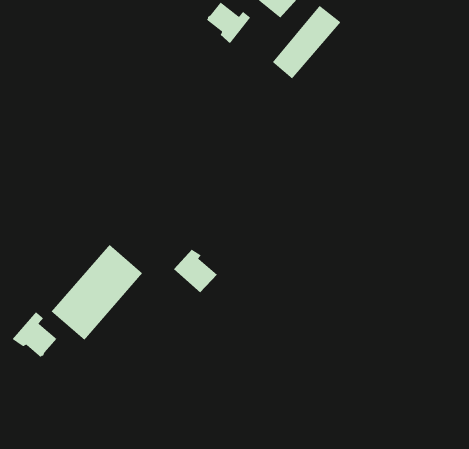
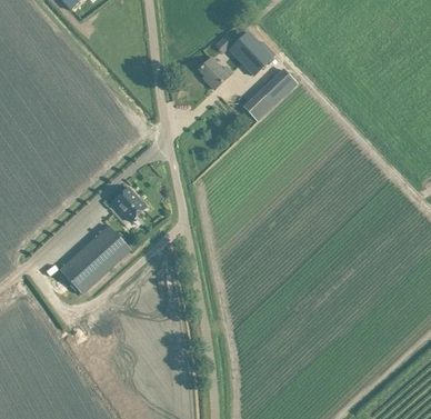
building: [173,249,218,293] -> [111,187,143,220]
building: [12,311,57,358] -> none

